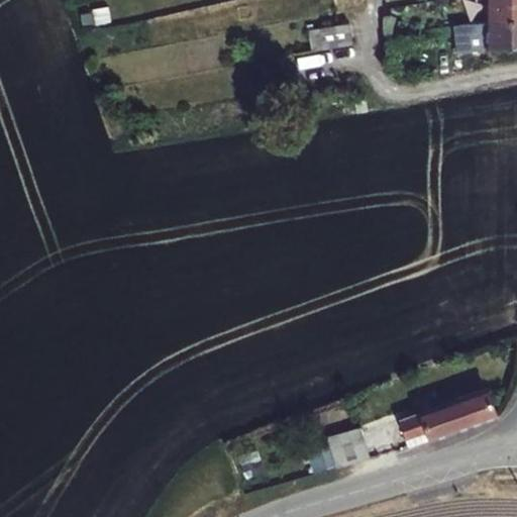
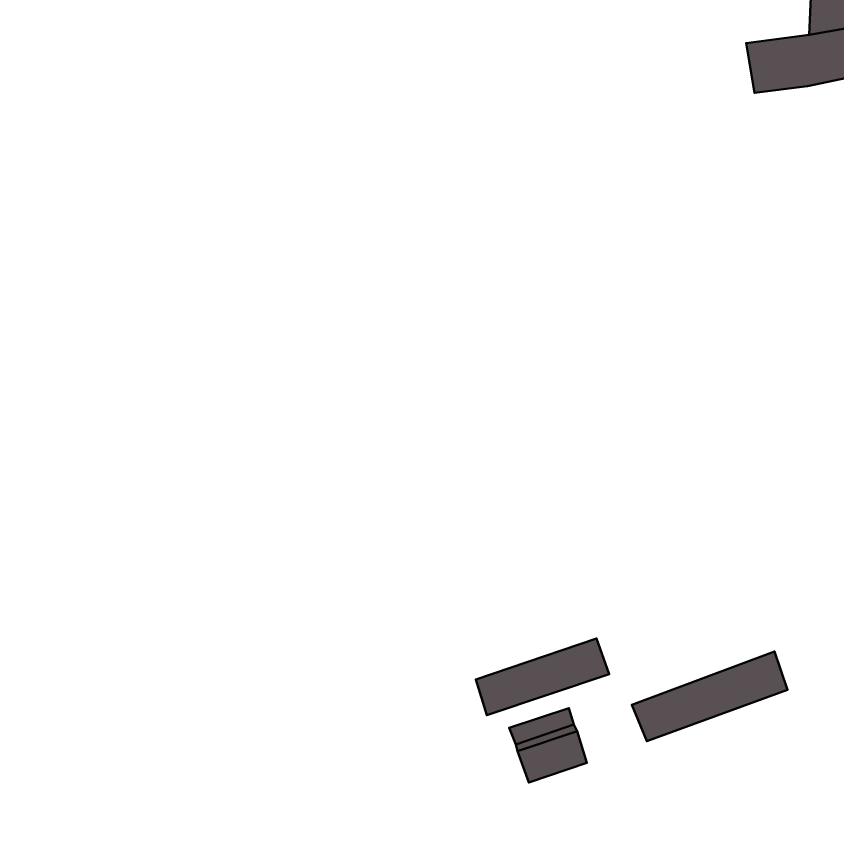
building: [309,18,353,47] -> none
building: none -> [476,638,609,715]

